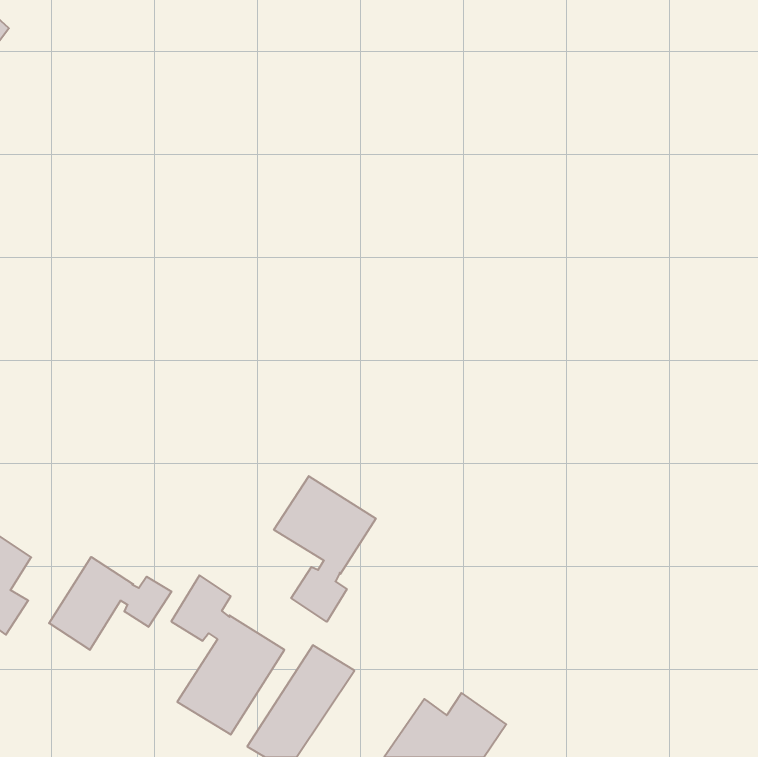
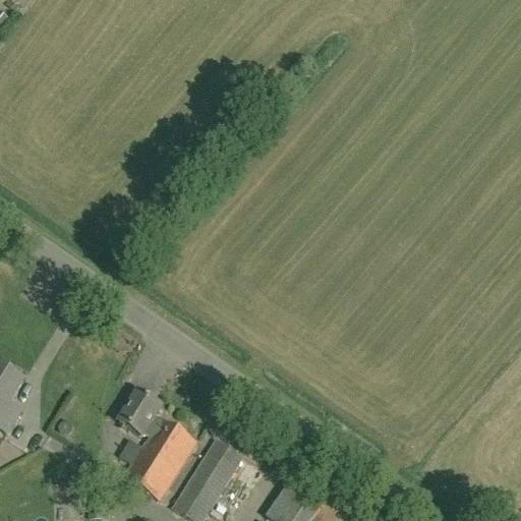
building: [274,476,376,622] -> none
building: [49,557,171,650] -> none

